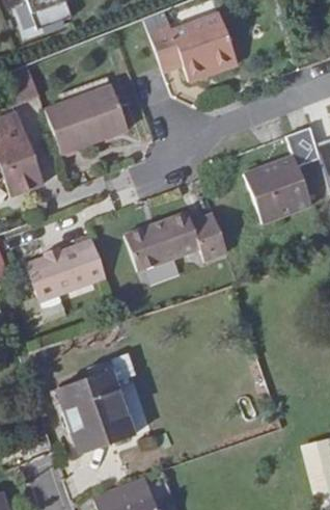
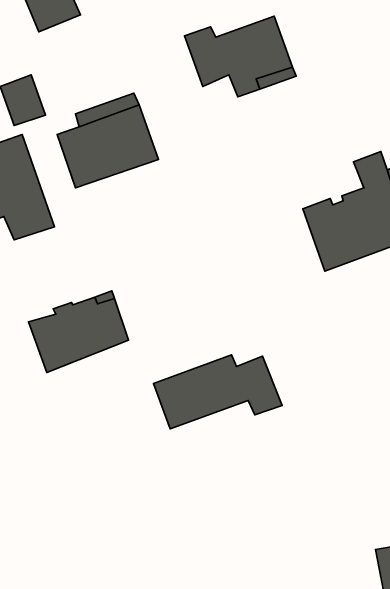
building: [126,211,228,270] -> [153,355,282,429]
building: [57,370,133,455] -> none

